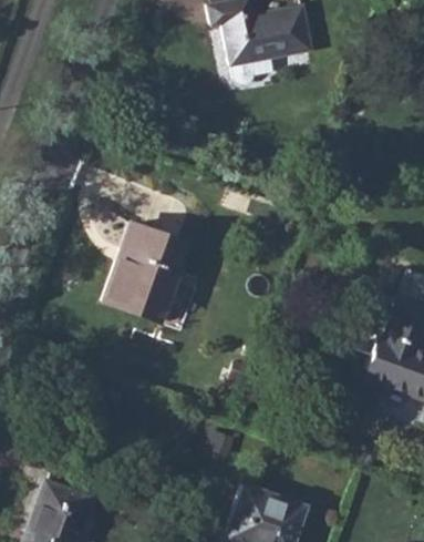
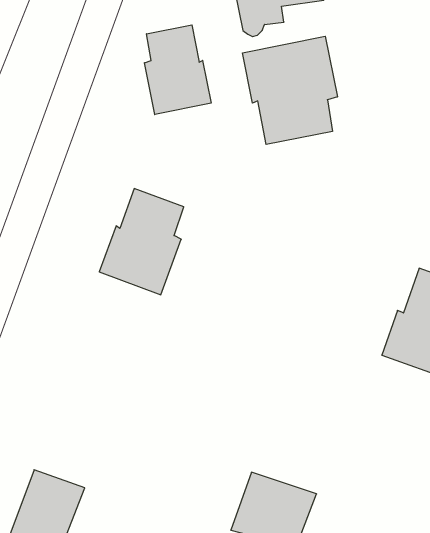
building: none -> [144,25,211,115]
building: none -> [243,36,337,144]

